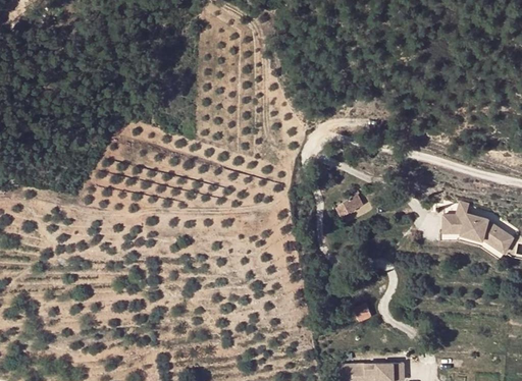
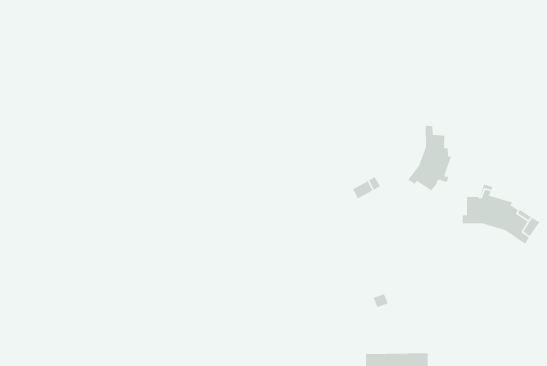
building: none -> [407,125,452,192]

